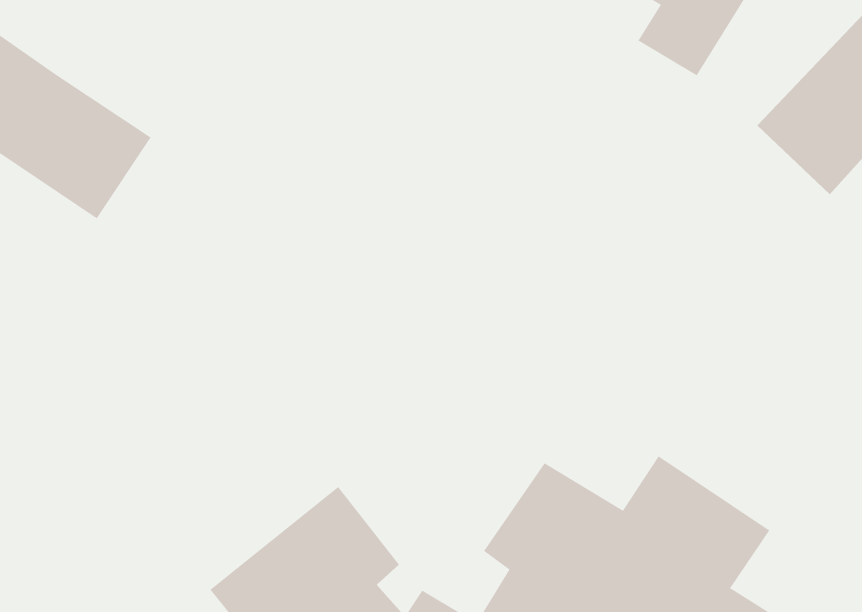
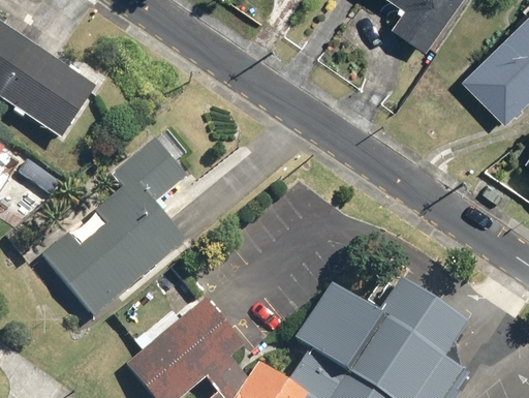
building: none -> [41,135,188,315]

